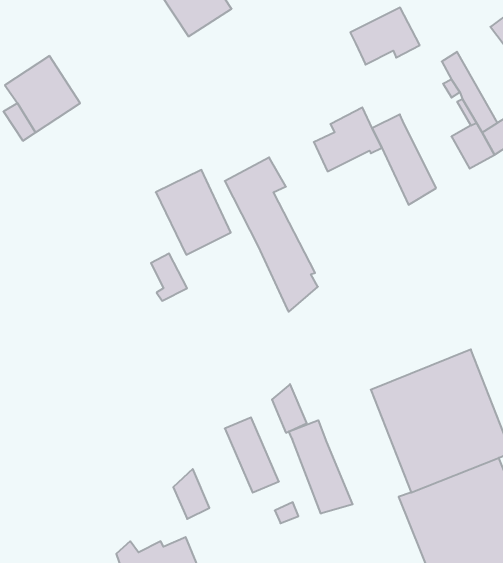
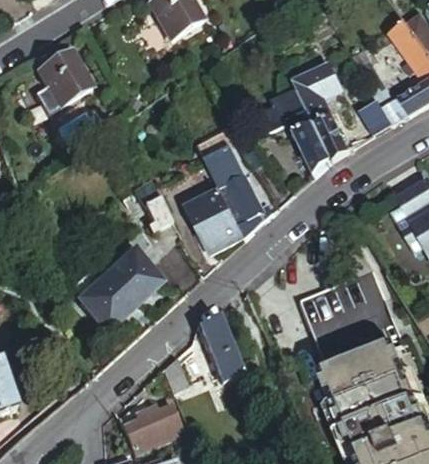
building: [350,8,420,65] -> [291,65,341,106]
building: none -> [288,120,328,175]
building: [156,170,231,255] -> [187,191,241,252]
building: none -> [81,253,157,326]
building: [289,420,353,514] -> none

